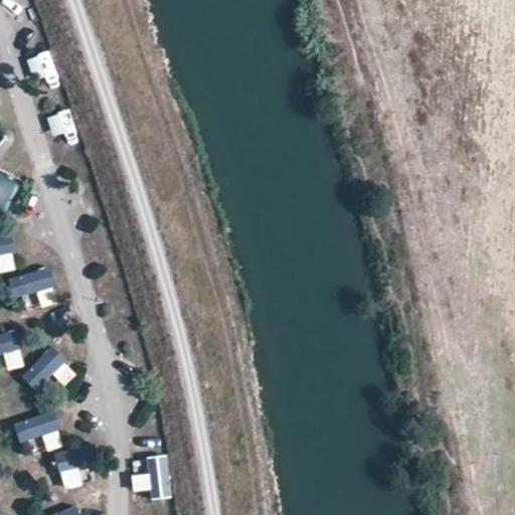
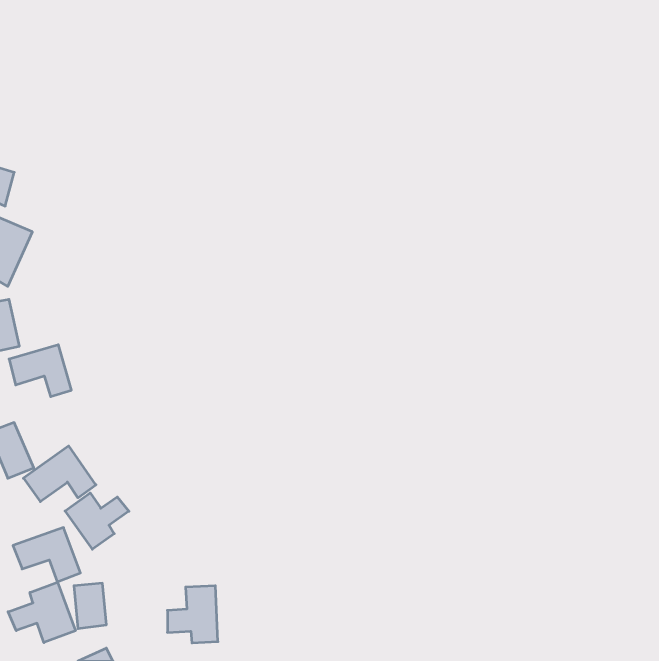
building: none -> [65,493,129,549]
building: none -> [8,582,75,643]

